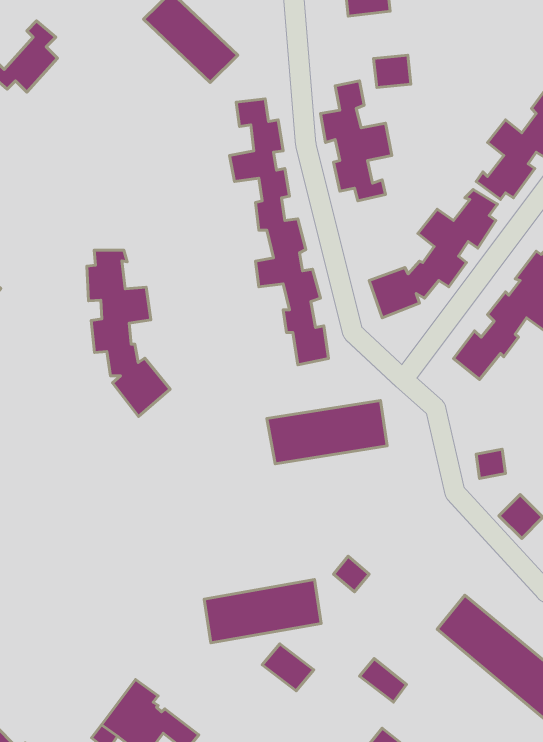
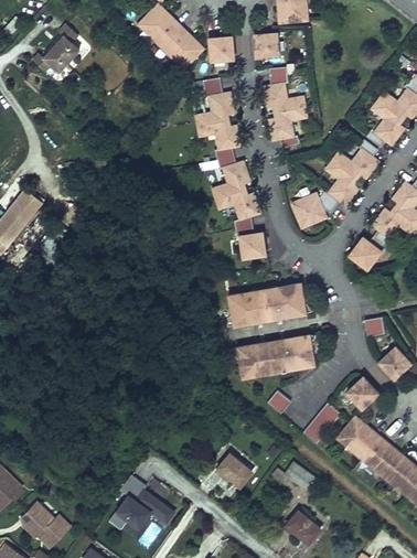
building: none -> [207,36,231,61]
building: [374,55,411,88] -> [250,35,276,57]
building: [87,250,170,416] -> none
building: none -> [348,378,377,408]
building: none -> [302,404,342,446]
building: [204,580,321,643] -> [232,335,311,378]

